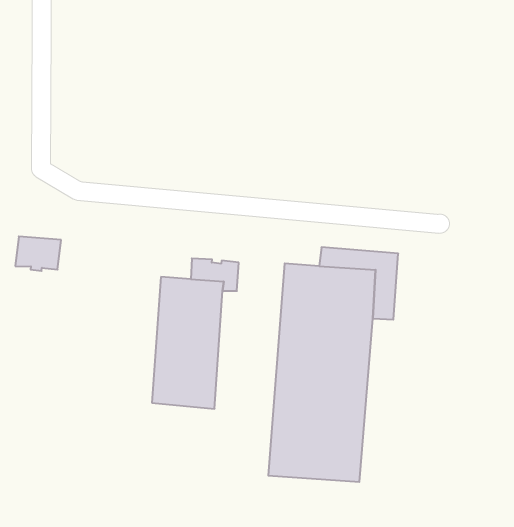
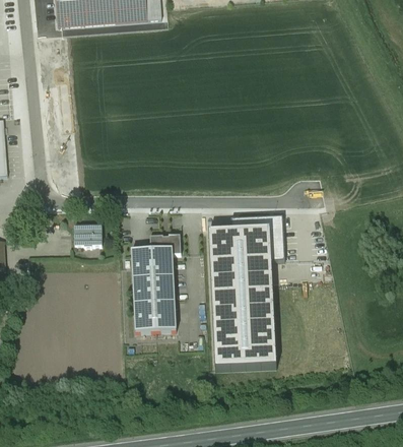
building: [15,236,61,271] -> [75,222,103,244]

